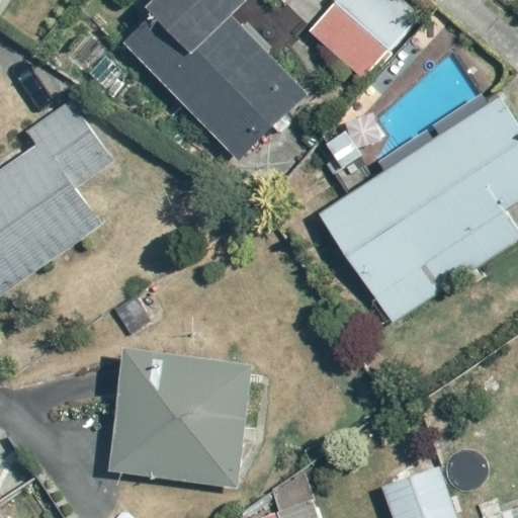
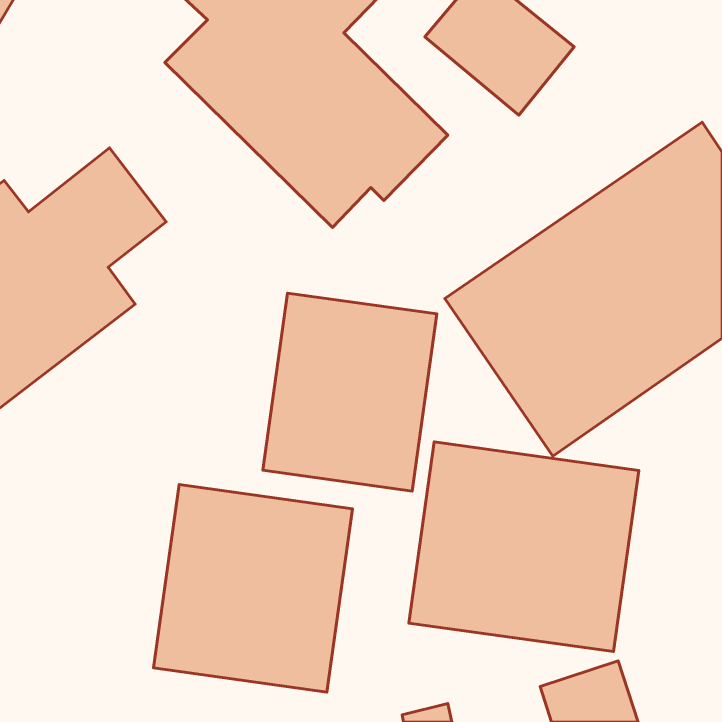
building: none -> [263,293,437,491]
building: none -> [409,442,639,652]

